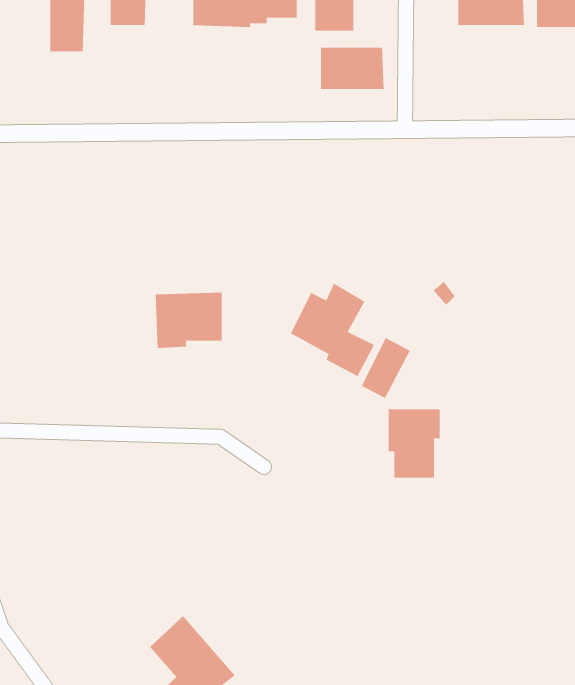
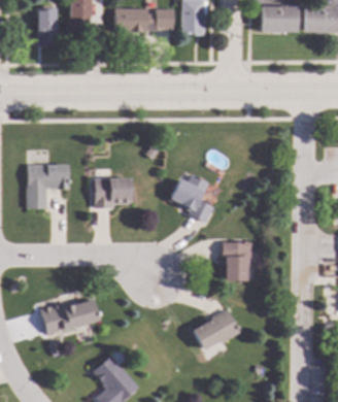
building: [321,47,384,90] -> none
building: none -> [27,163,71,209]
building: [361,337,411,399] -> none
building: none -> [40,299,99,334]
building: none -> [193,308,240,349]

